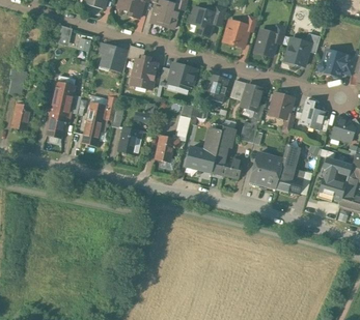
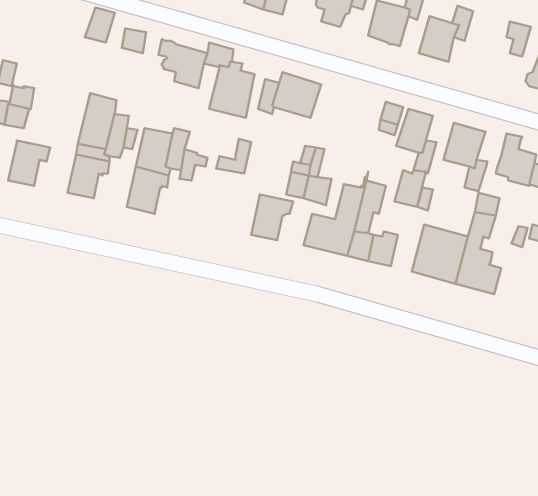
building: [287,39,310,66] -> none
building: [202,74,228,103] -> none
building: [117,127,142,154] -> none

